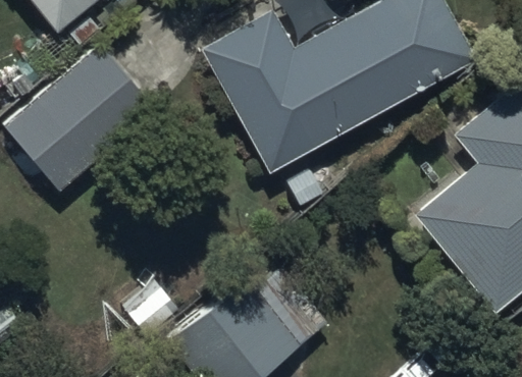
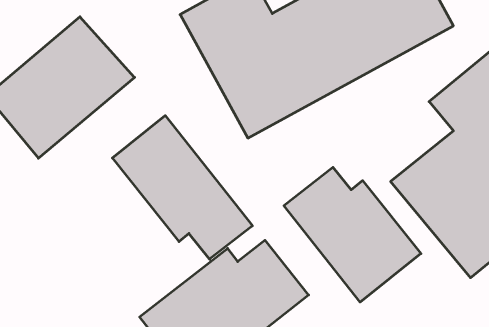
building: none -> [112,116,252,259]
building: none -> [284,167,421,302]

